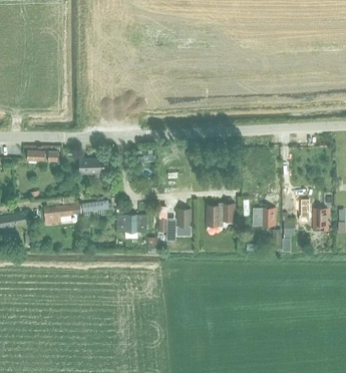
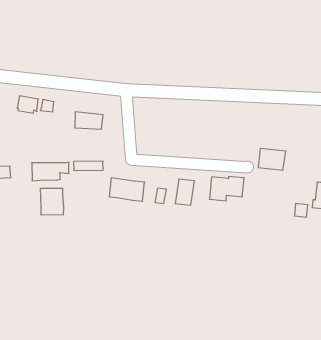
building: [252,209,275,226] -> [258,149,286,170]
building: none -> [41,188,63,215]

